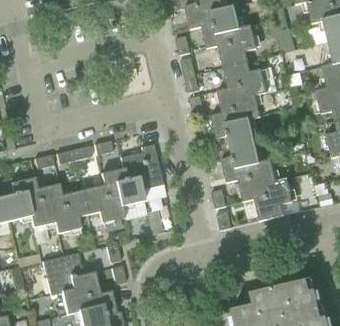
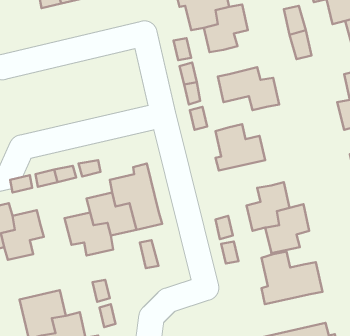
building: [219,25,257,66] -> none
building: [218,85,261,122] -> none
building: [215,140,260,182] -> none
building: [52,190,88,232] -> none
building: none -> [261,251,323,304]

